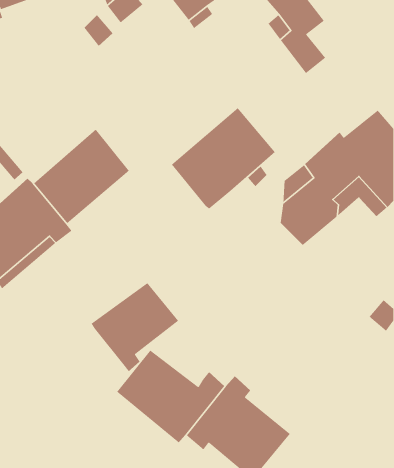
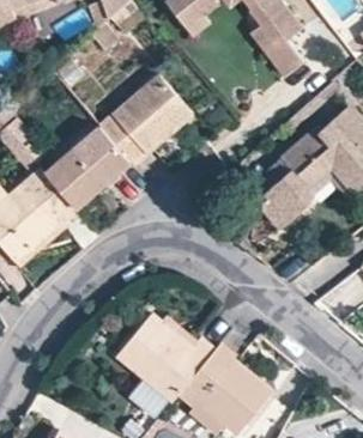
building: [171,107,276,209] -> [99,73,192,163]
building: [91,282,179,372] -> none

